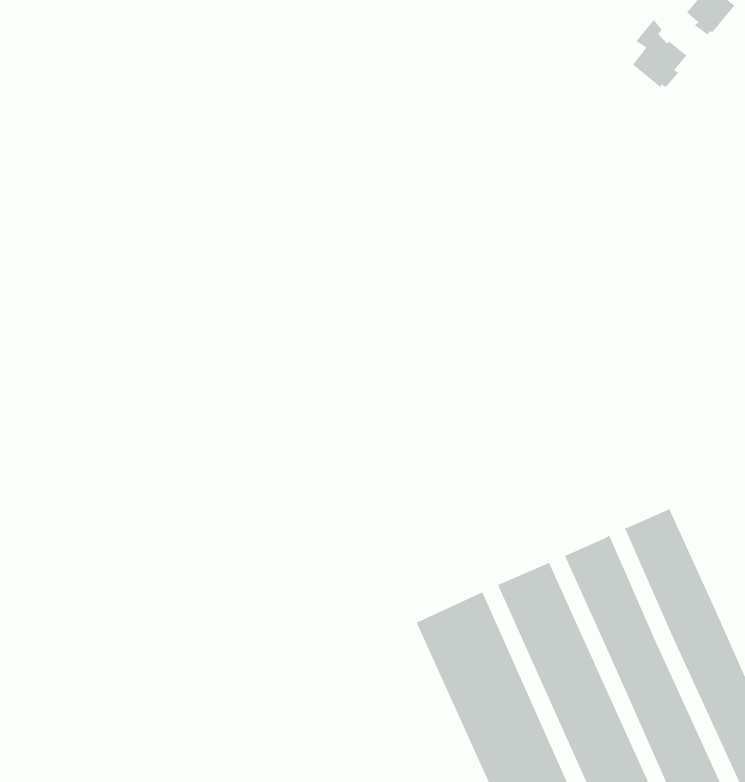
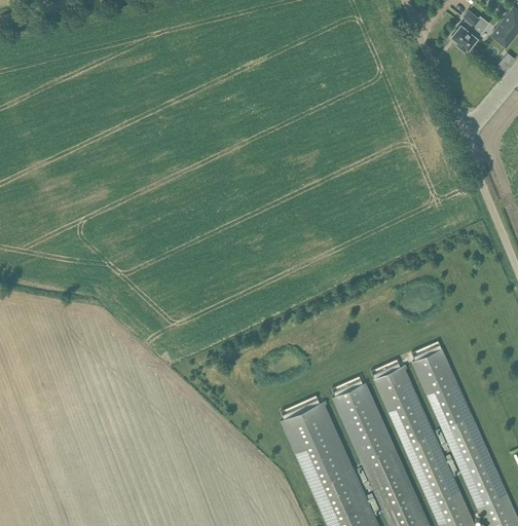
building: [632,19,687,88] -> none

